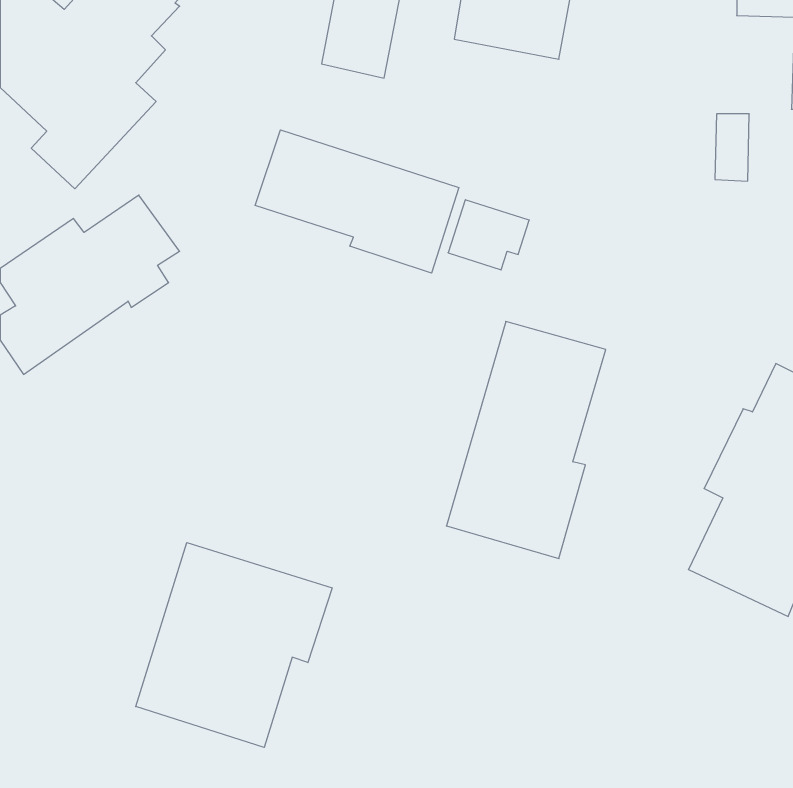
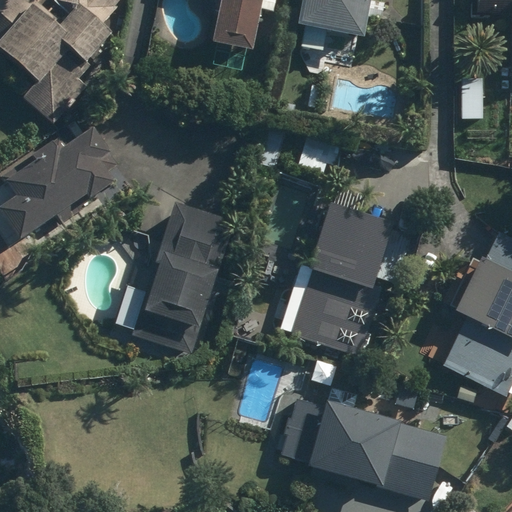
building: [255,130,459,273] -> none
building: none -> [134,204,232,353]
building: [136,543,332,747] -> none
building: none -> [282,396,447,499]

